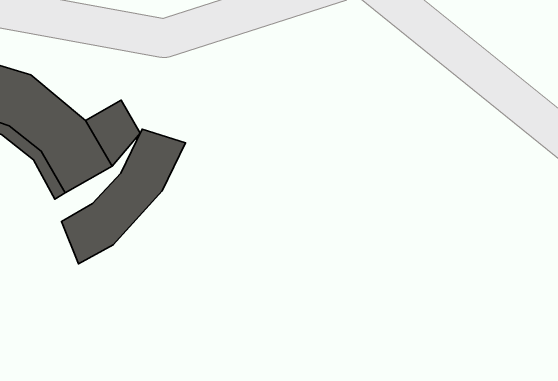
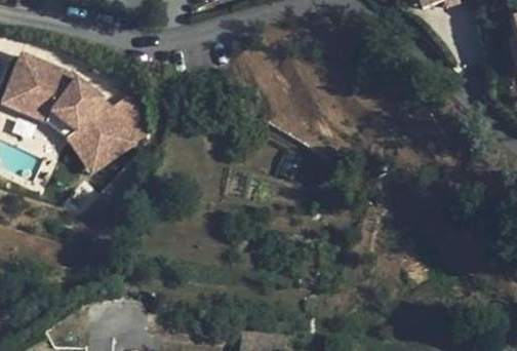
building: [61,129,185,264] -> none

